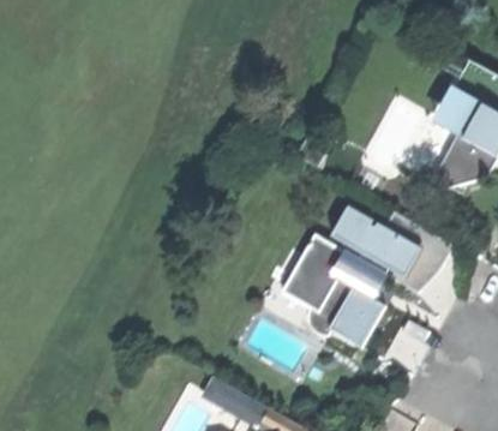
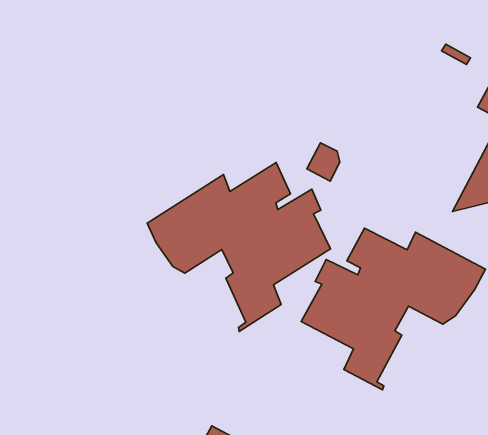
building: none -> [147,163,330,332]

